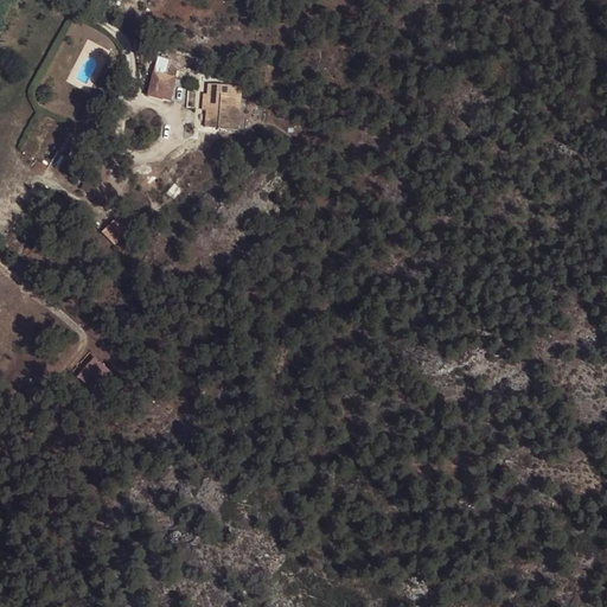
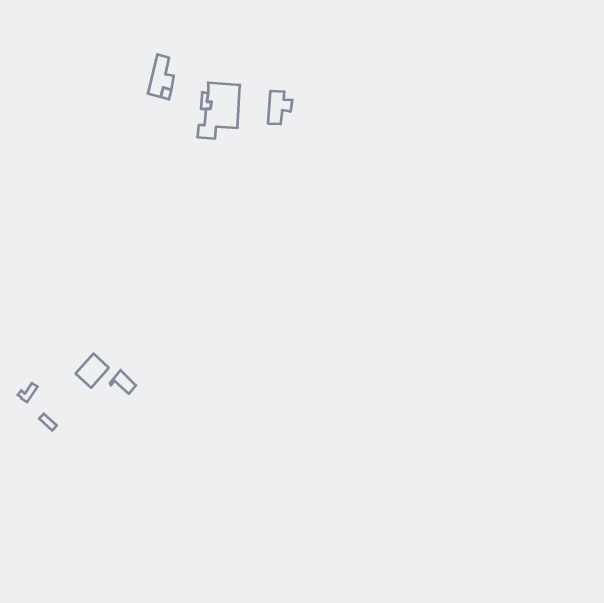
building: none -> [268,91,292,124]

